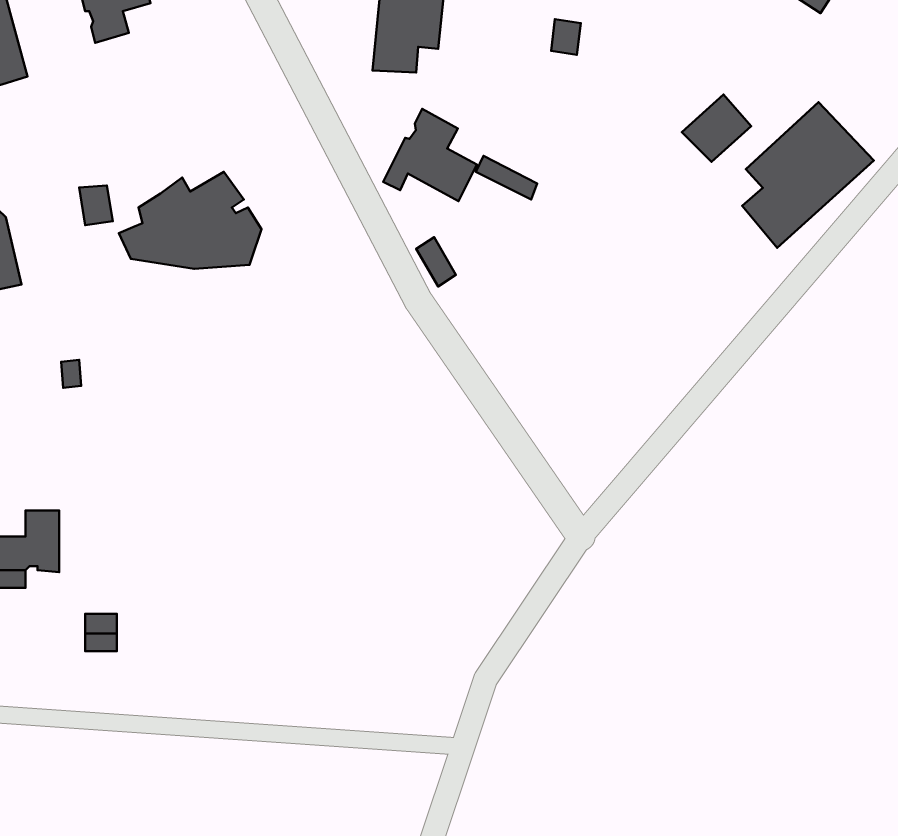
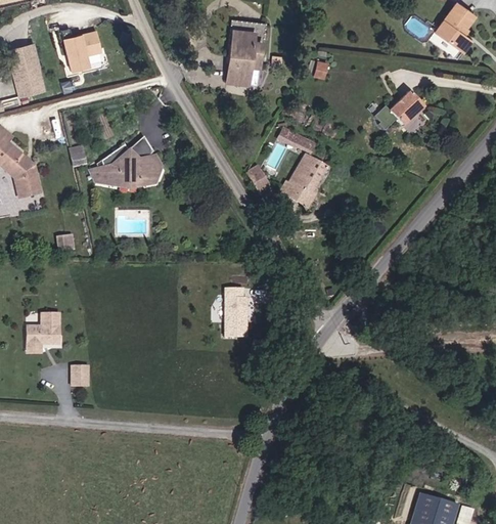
building: [742,102,874,248] -> none
building: [383,109,477,201] -> none
building: none -> [286,158,323,198]
building: none -> [228,288,250,337]

